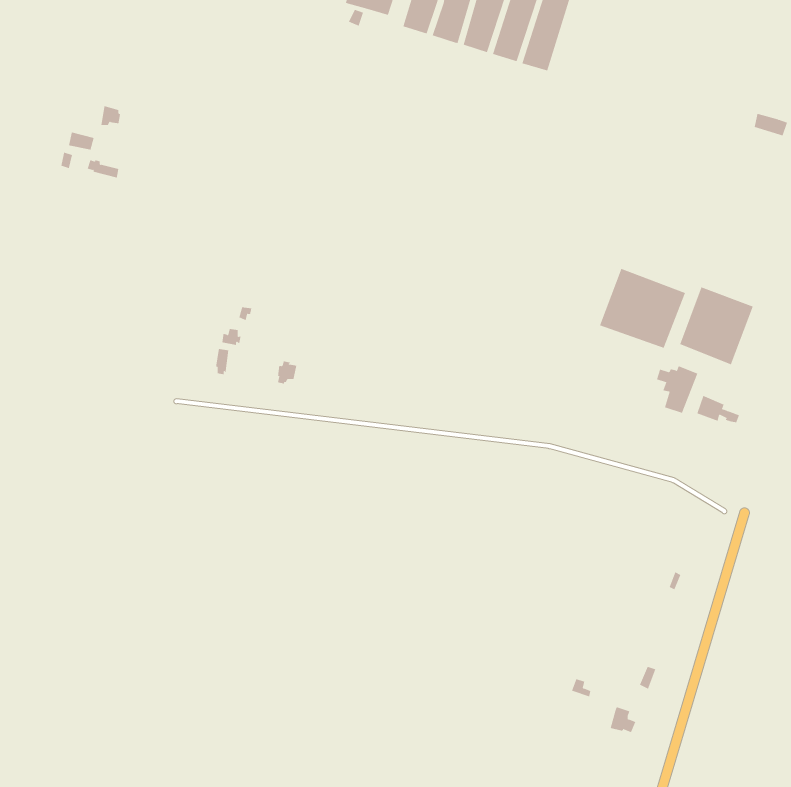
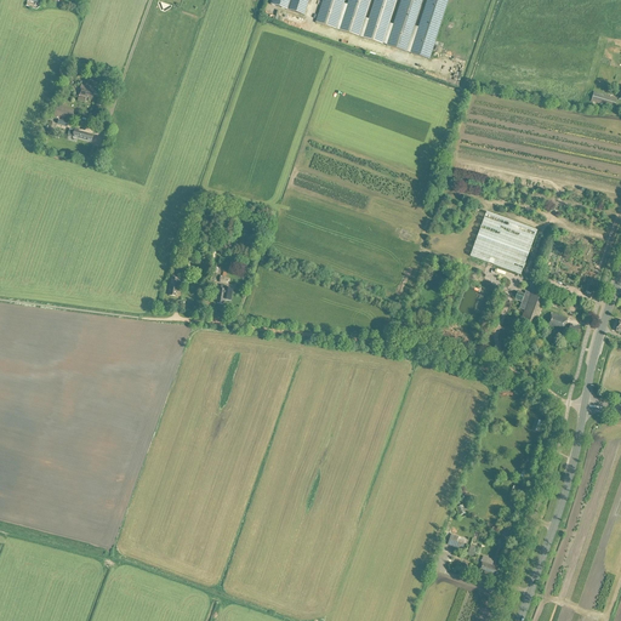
building: [680,286,753,365] -> none

